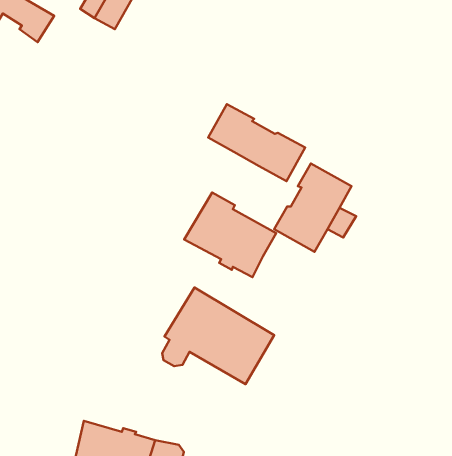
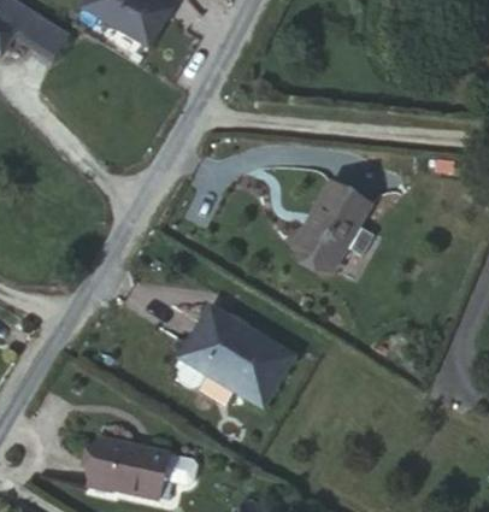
building: [208,104,305,181] -> none
building: [184,192,276,277] -> none

